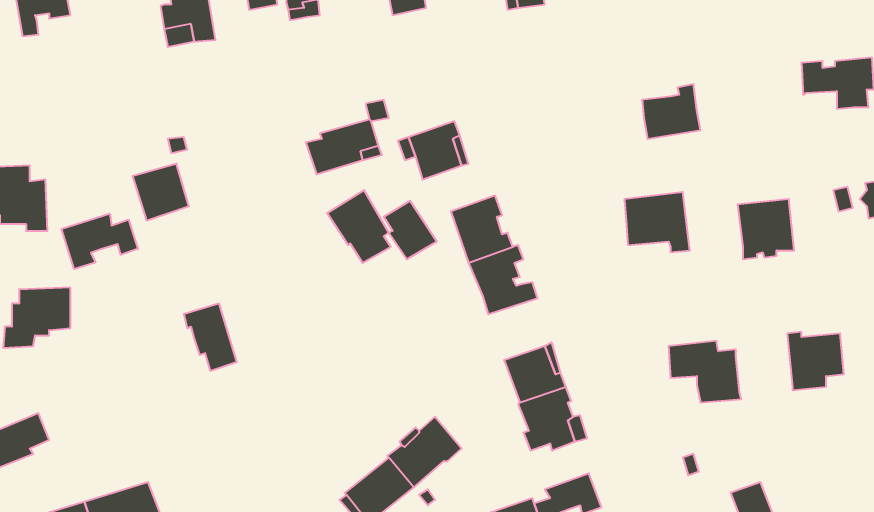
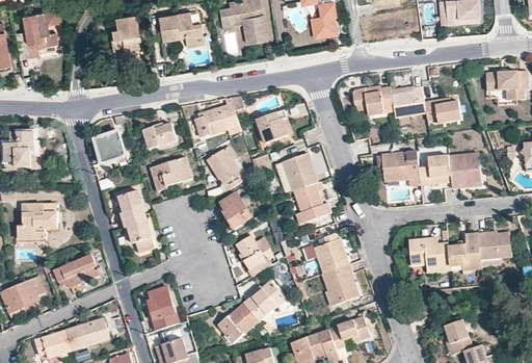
building: none -> [354,86,393,114]
building: none -> [424,98,460,122]
building: none -> [142,126,176,150]
building: [384,201,437,259] -> [220,195,251,229]
building: none -> [418,154,451,183]
building: none -> [150,158,191,192]
building: [62,214,138,269] -> none
building: none -> [117,191,143,221]
building: none -> [447,232,480,266]
building: none -> [236,236,270,276]
building: none -> [54,255,101,287]
building: none -> [147,288,178,331]

